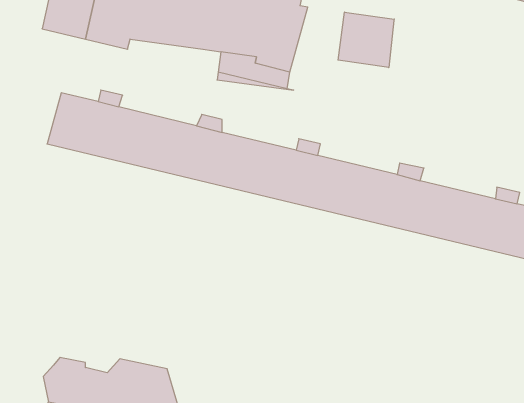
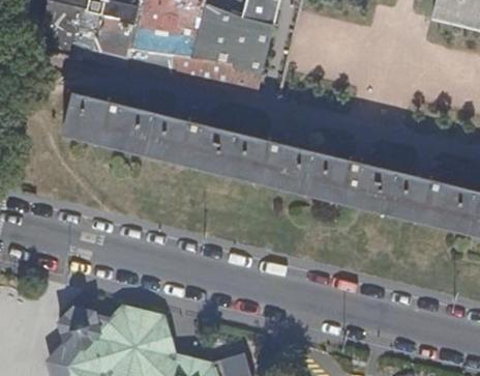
building: [338,12,394,68] -> none

